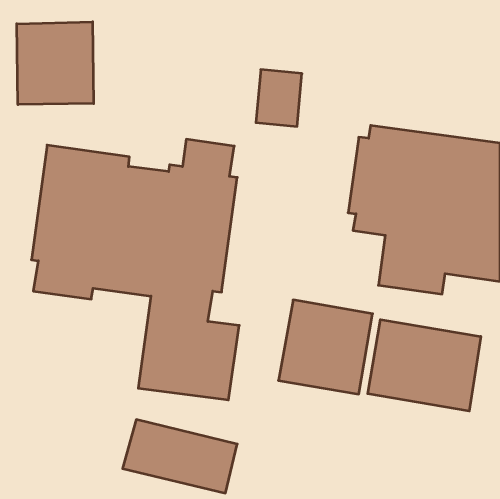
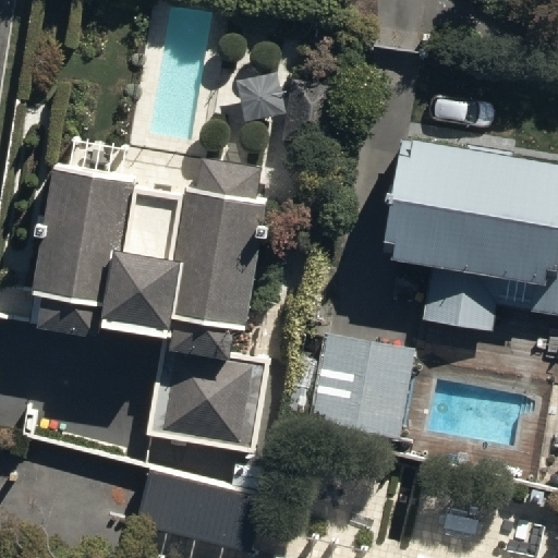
building: [17,22,94,105] -> none
building: [368,320,481,411] -> none

